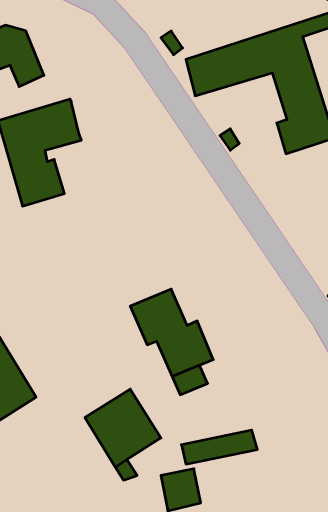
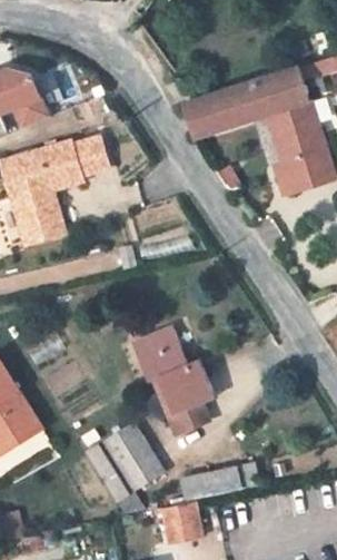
building: none -> [75,135,111,175]

